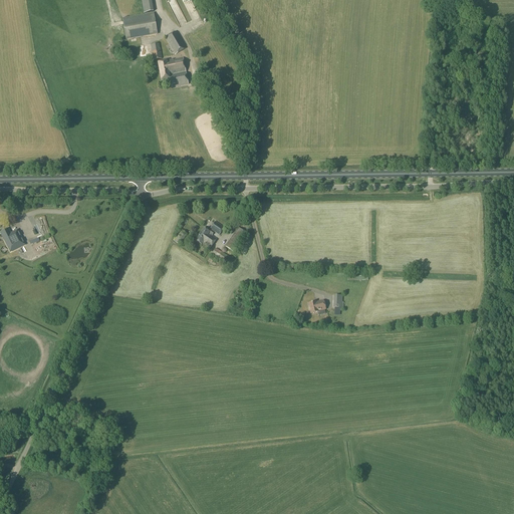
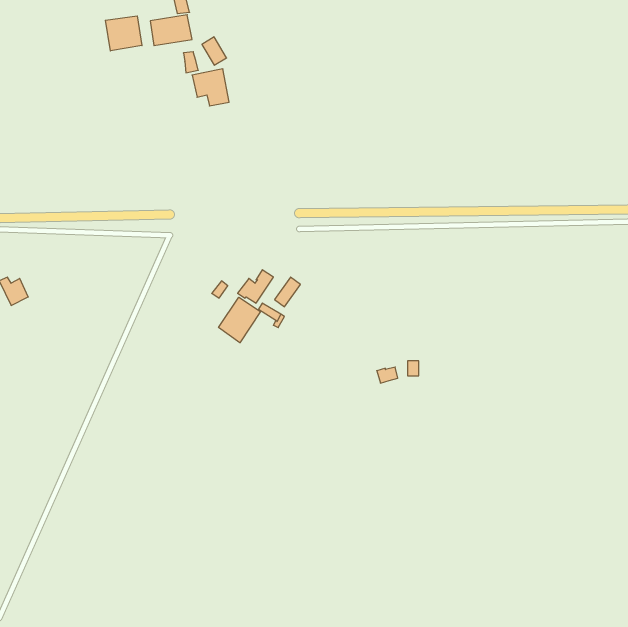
building: none -> [105,16,142,51]
building: none -> [219,297,261,343]

